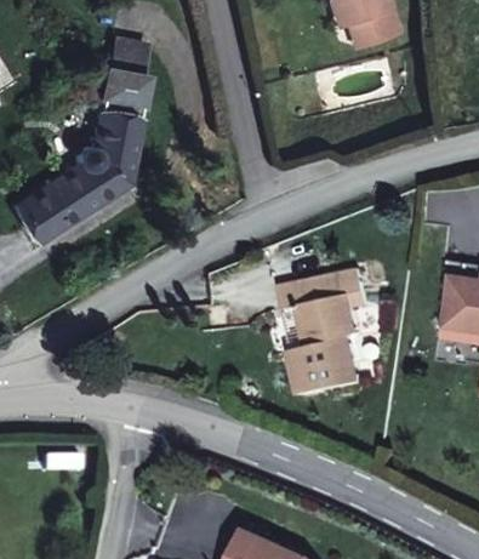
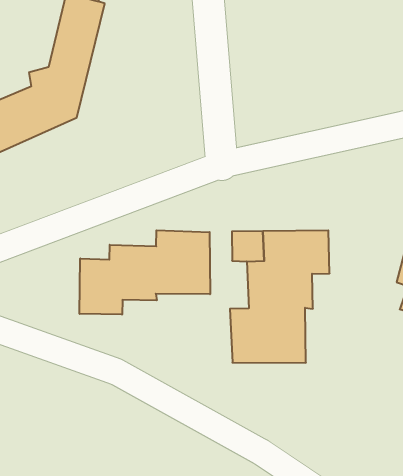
building: none -> [80,230,210,315]

